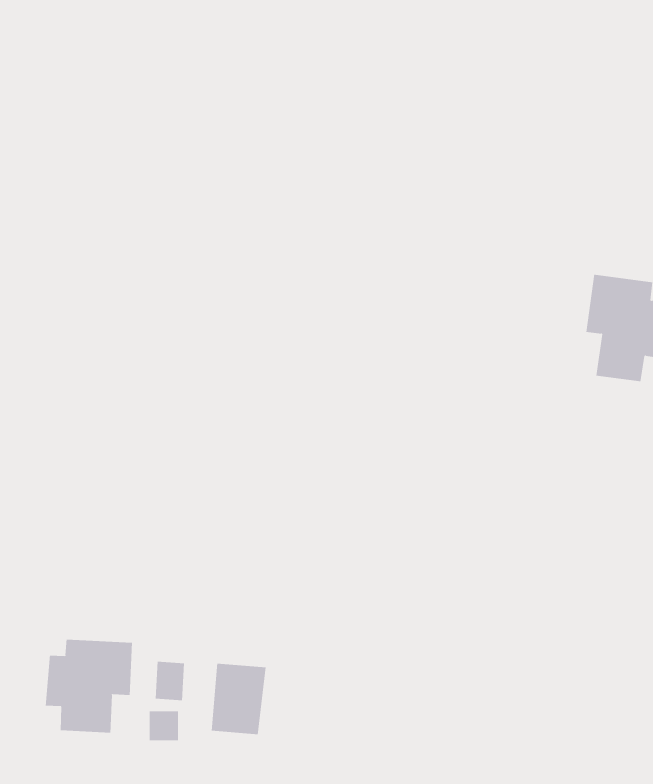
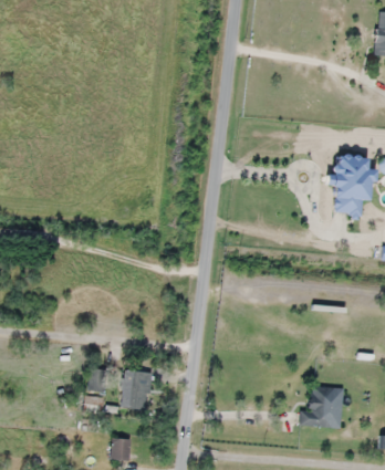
building: [45,639,132,734] -> none
building: none -> [300,386,341,427]

